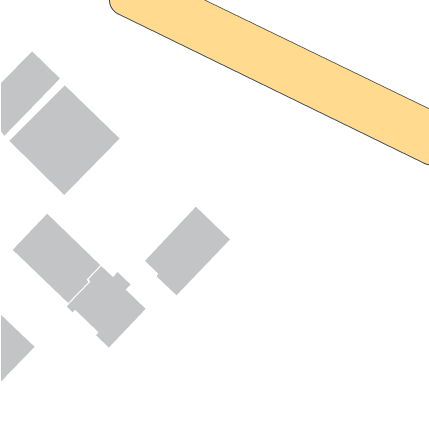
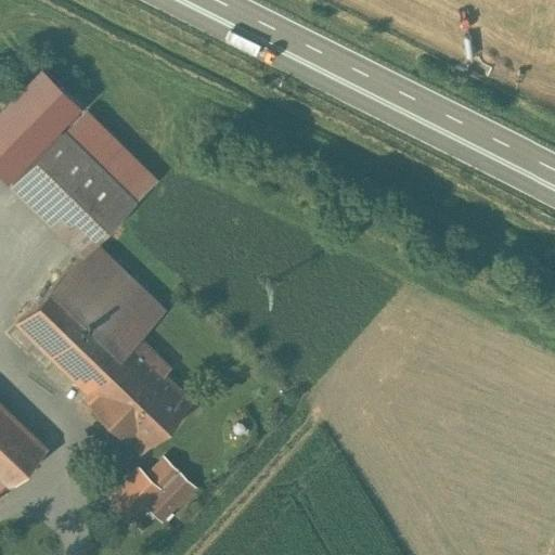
building: none -> [63,245,165,345]
building: [144,206,231,296] -> none
building: none -> [103,462,193,524]

